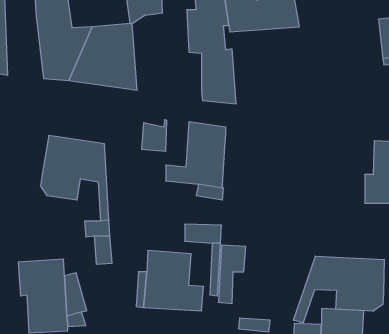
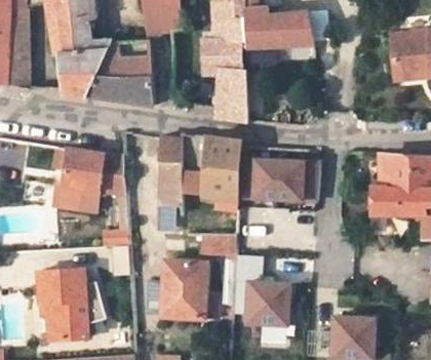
building: none -> [237,159,319,201]
building: none -> [157,162,182,205]
building: [293,256,384,323] -> none
building: none -> [245,281,288,324]

